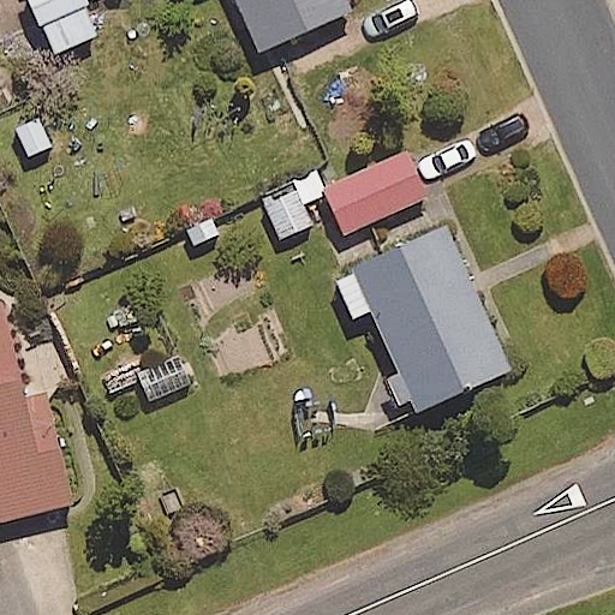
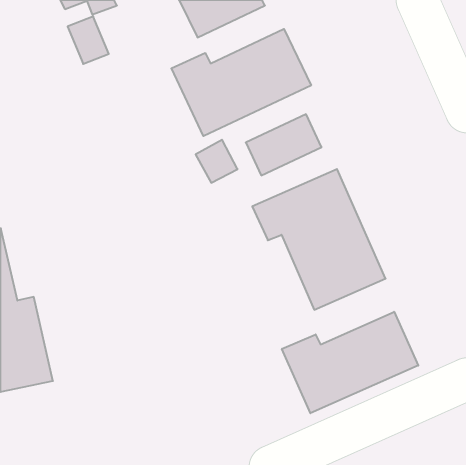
building: none -> [171,29,311,136]
building: none -> [282,312,418,413]

